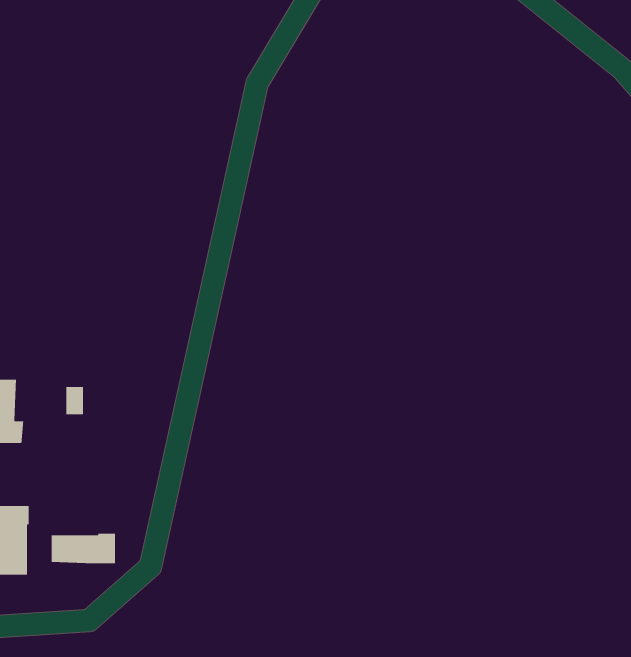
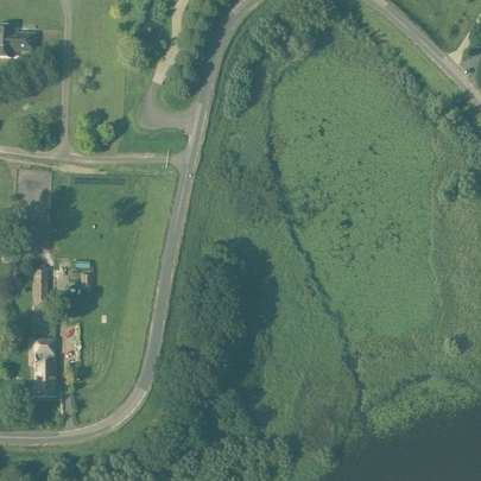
building: [51,533,116,564] -> none

